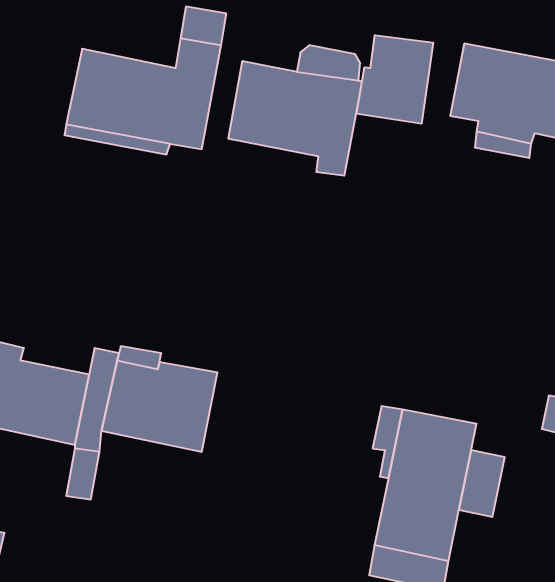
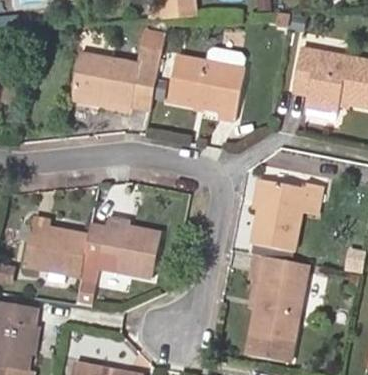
building: [357,35,433,124] -> none
building: none -> [246,179,317,250]

